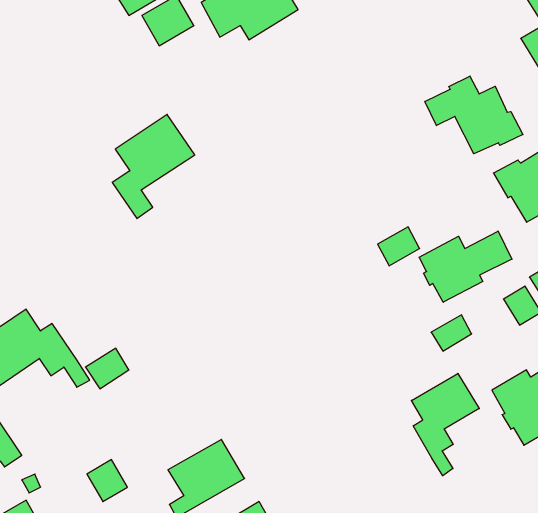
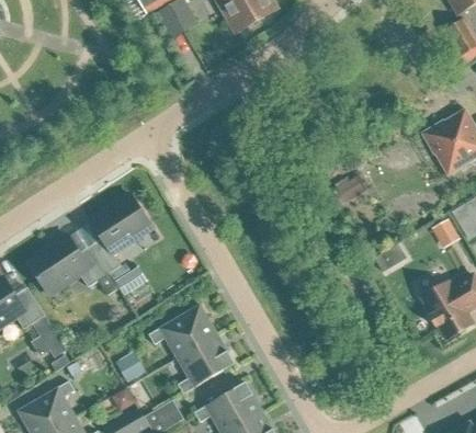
building: [425,76,523,154] -> none
building: [112,114,195,219] -> [89,195,151,274]
building: [419,231,512,302] -> none
building: [411,373,479,476] -> none
building: none -> [148,304,217,357]

